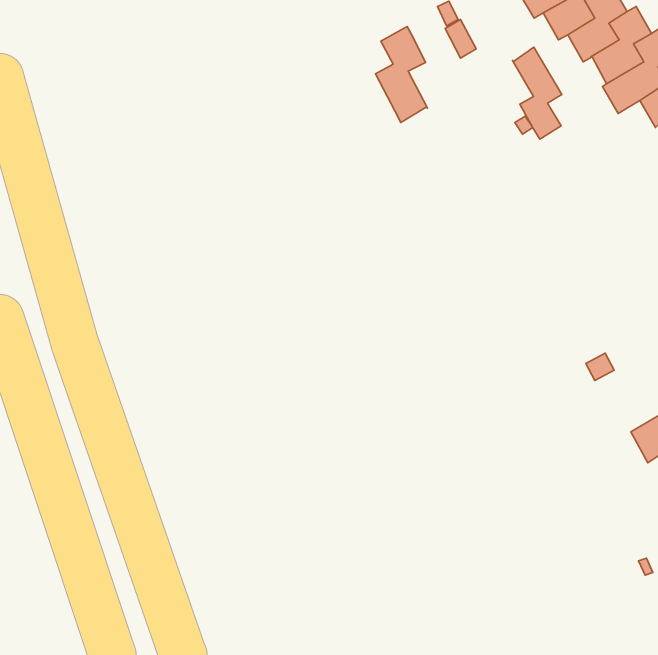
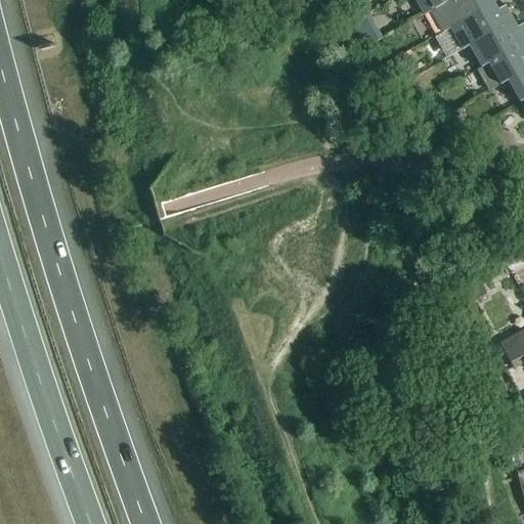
building: [375,27,428,123] -> none
building: [512,47,562,139] -> none

